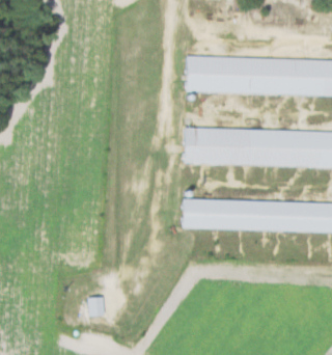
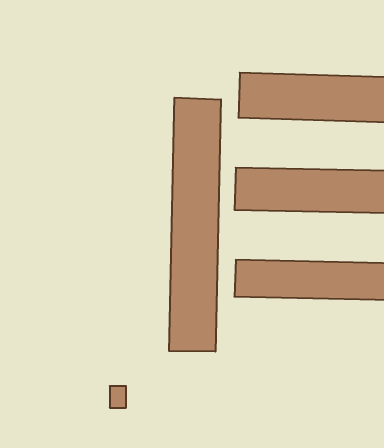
building: none -> [169,98,221,352]

